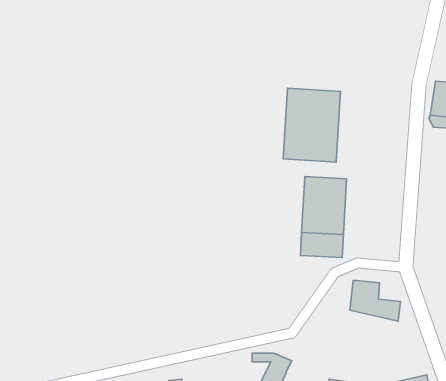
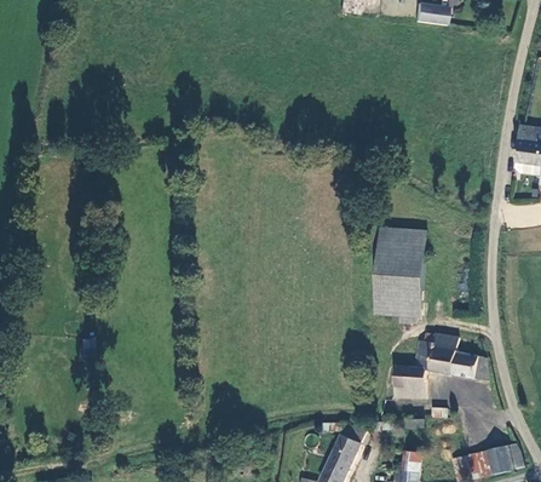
building: [283,88,340,162] -> none
building: none -> [395,340,433,401]

